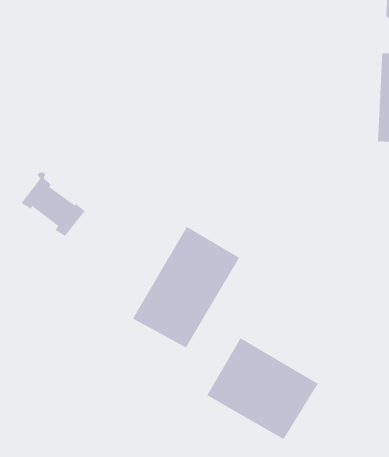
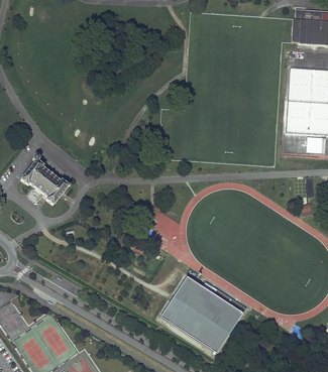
building: [132,226,240,348] -> none

